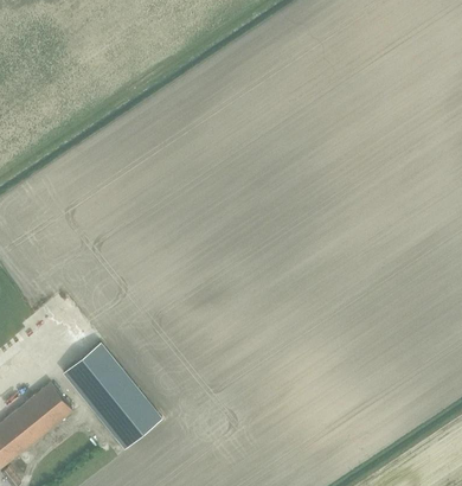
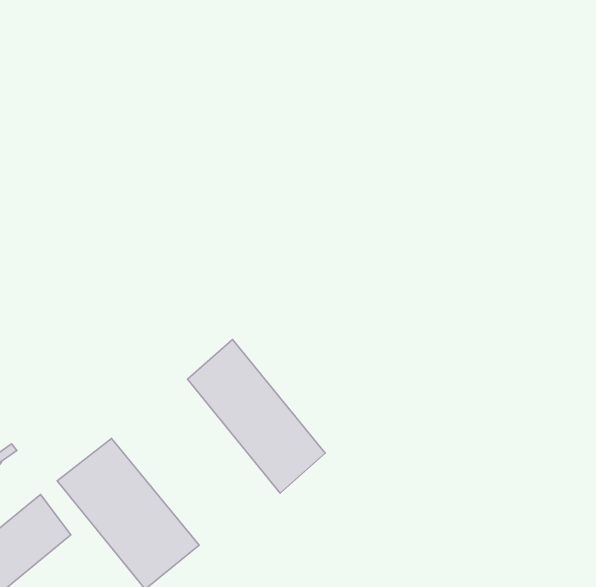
building: none -> [188,340,325,493]

